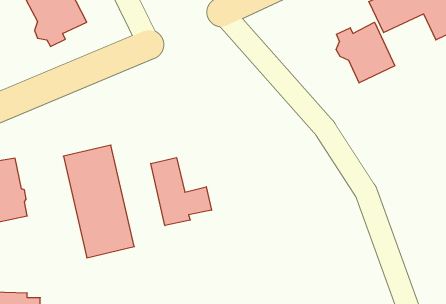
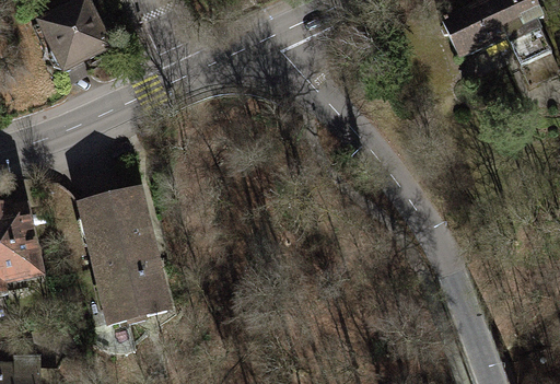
building: [336,22,395,83] -> none
building: [151,158,212,226] -> none

